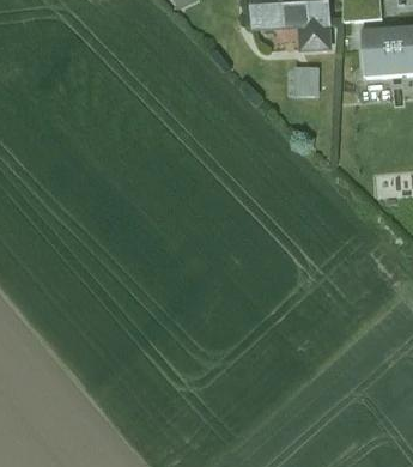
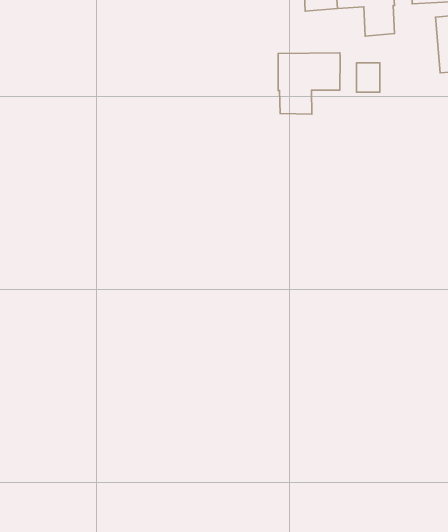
building: none -> [278,53,340,114]

